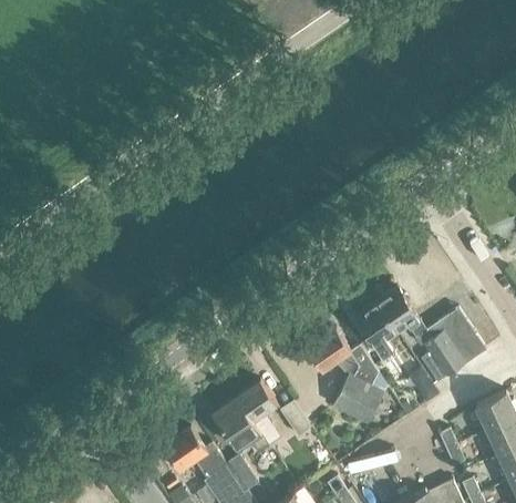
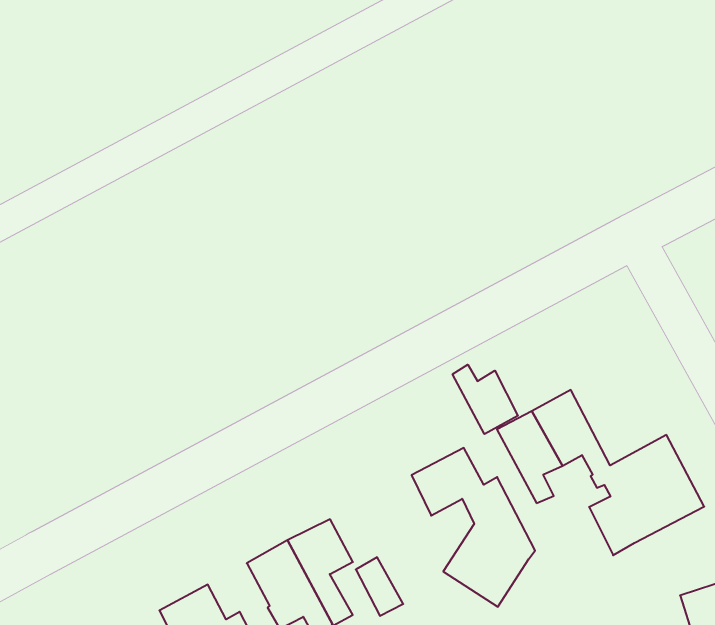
building: none -> [453,365,518,434]

